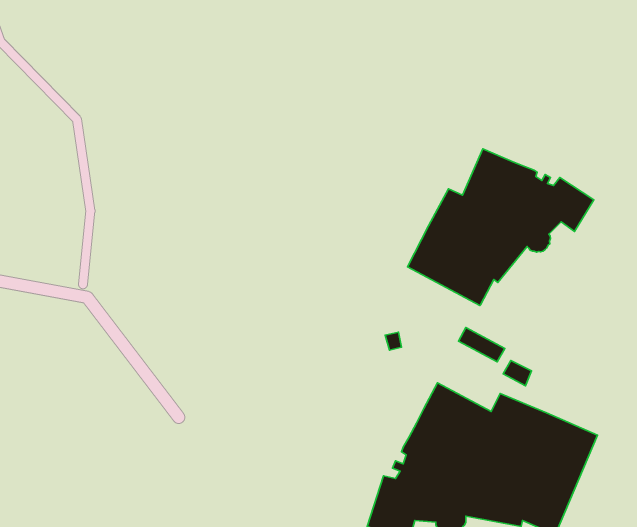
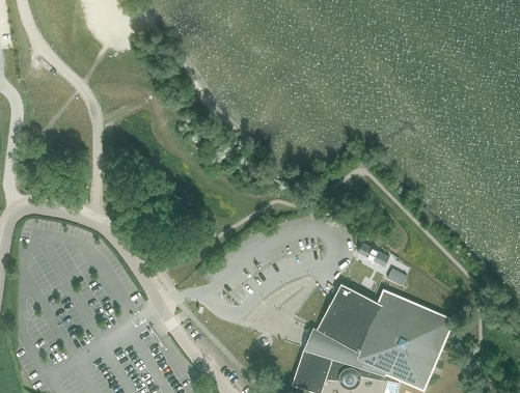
building: [407,149,594,305] -> none

